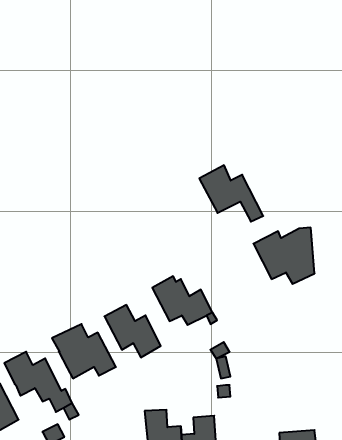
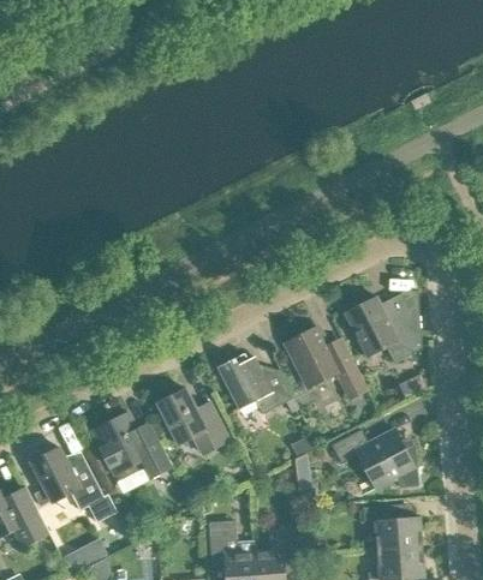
building: [199,165,263,222] -> [286,325,366,396]
building: none -> [332,429,418,489]
building: none -> [362,504,422,549]

